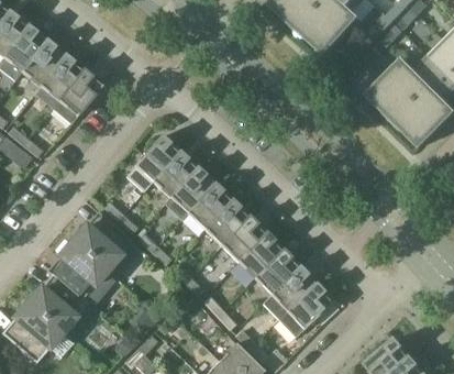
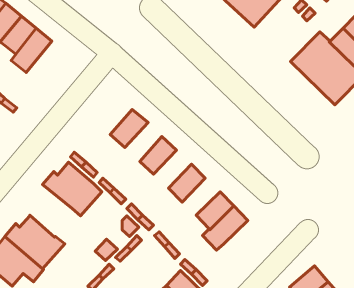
building: [52,70,102,123] -> none
building: [125,135,178,190] -> none
building: [164,167,218,219] -> none
building: [203,200,248,245] -> none
building: [237,233,283,277] -> none
building: [51,241,117,307] -> none
building: [278,284,332,337] -> none

